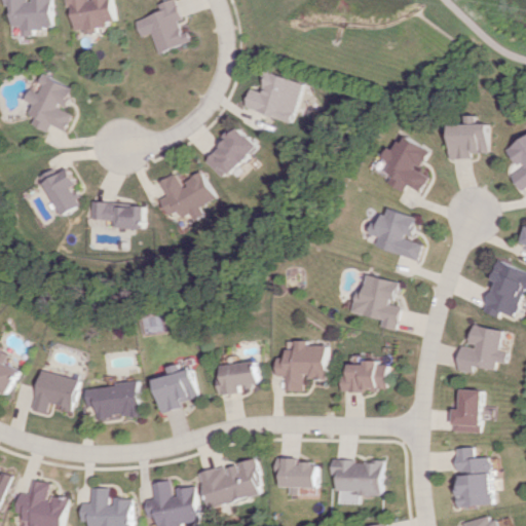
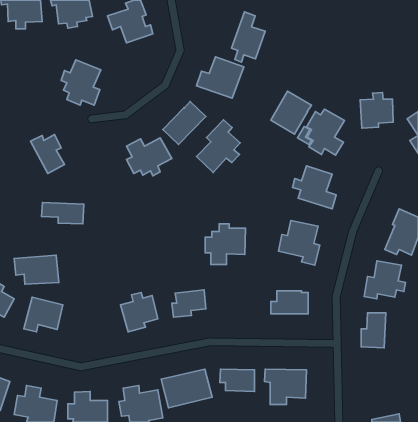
building: none -> [232,12,265,62]
building: [24,75,73,132] -> [61,60,101,105]
building: none -> [271,91,311,134]
building: none -> [196,120,240,173]
building: [89,201,142,228] -> [42,202,84,224]
building: [273,340,324,390] -> [205,224,246,264]
building: [84,382,140,418] -> [14,255,59,284]
building: [453,447,492,508] -> none

